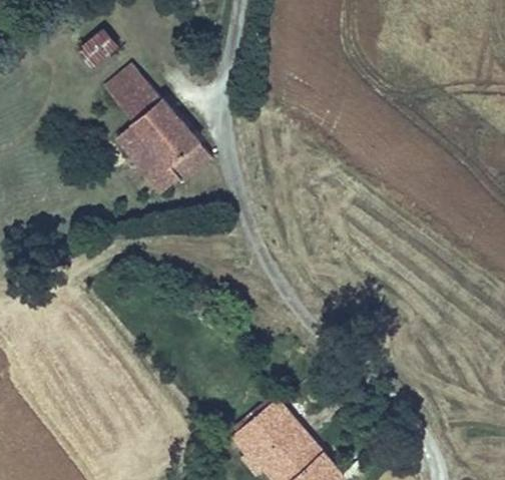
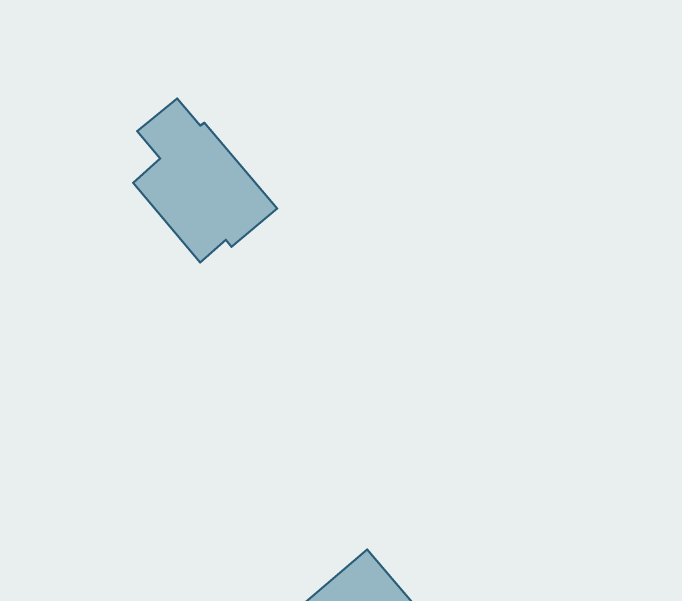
building: [78,28,119,67] -> none
building: [103,63,145,103] -> none

